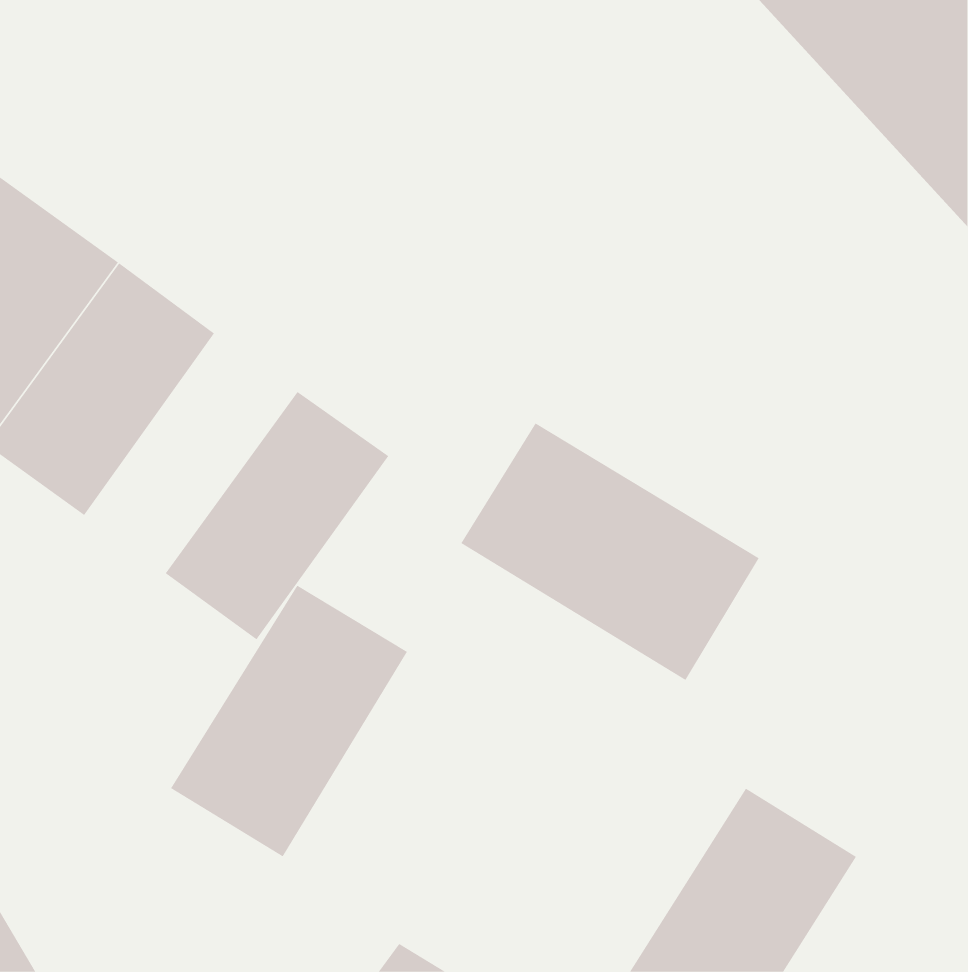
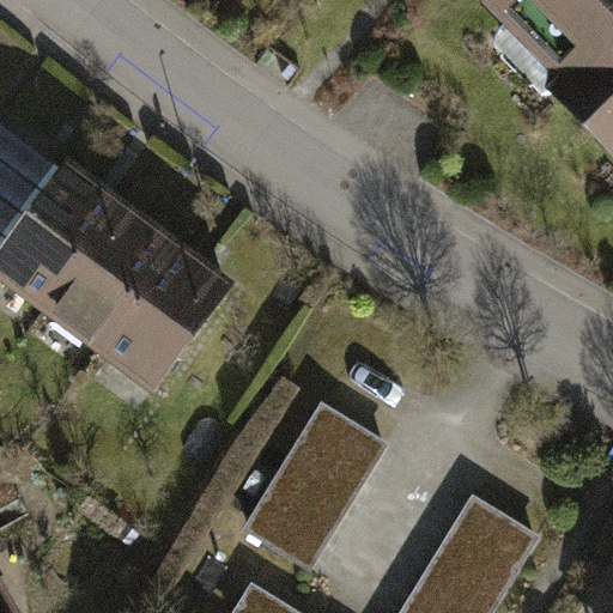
building: none -> [53,208,186,358]
building: [460,423,760,681] -> none
building: [170,585,408,857] -> [242,403,390,573]

